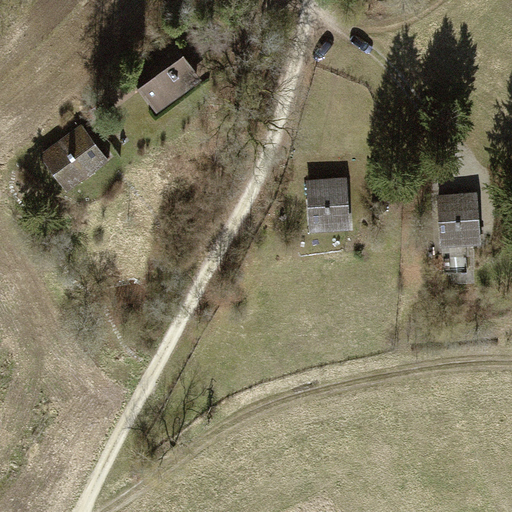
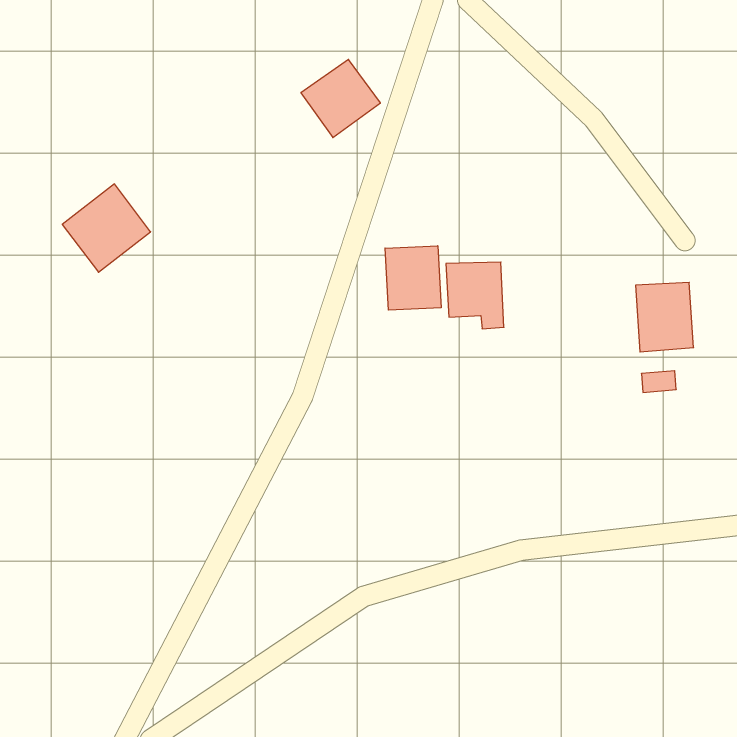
building: [141,49,196,103] -> [301,59,380,138]
building: none -> [385,246,441,310]

